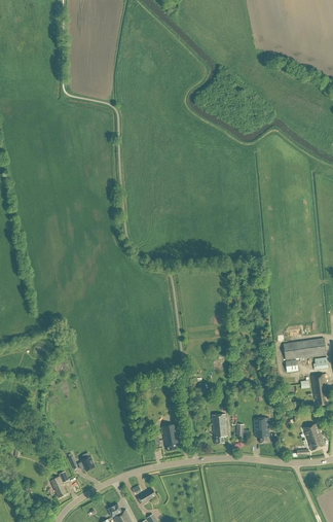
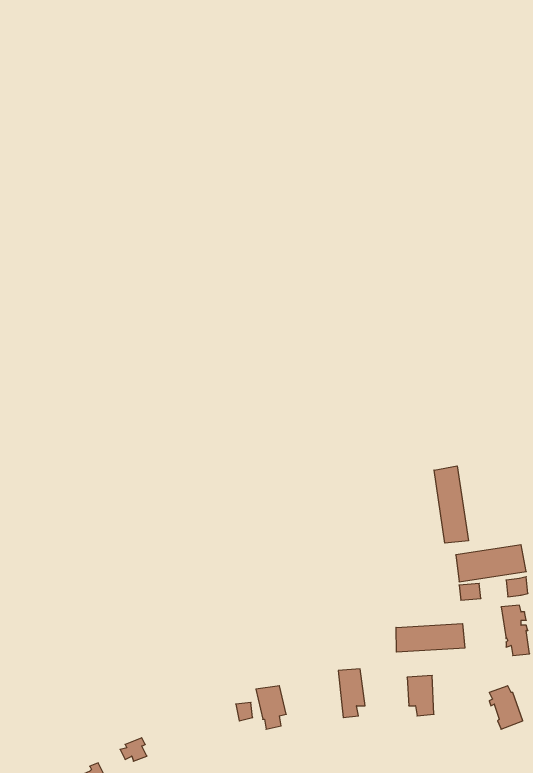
building: none -> [434,466,468,543]
building: none -> [396,624,465,652]

